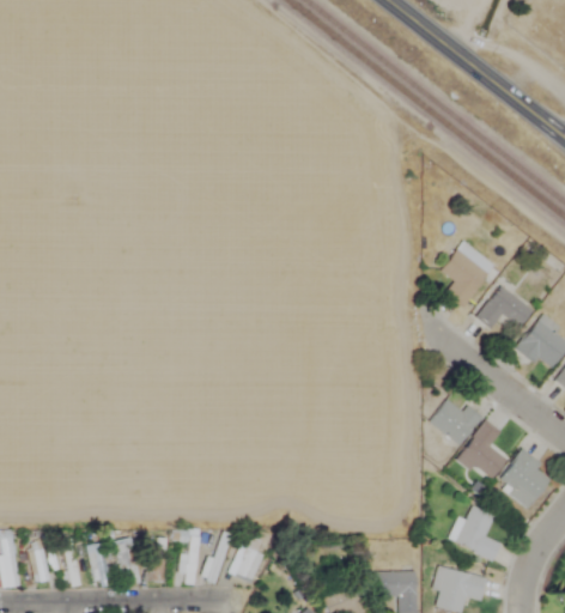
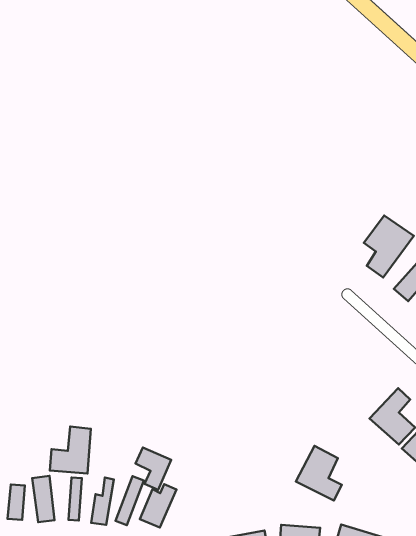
building: [429,400,482,447] -> none
building: none -> [50,427,91,473]
building: none -> [135,448,171,490]
building: [452,504,500,559] -> [296,446,342,500]

